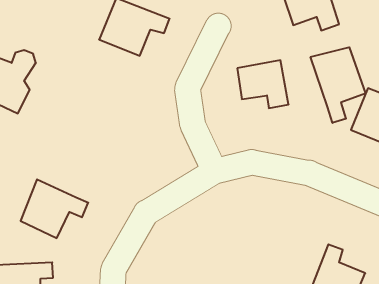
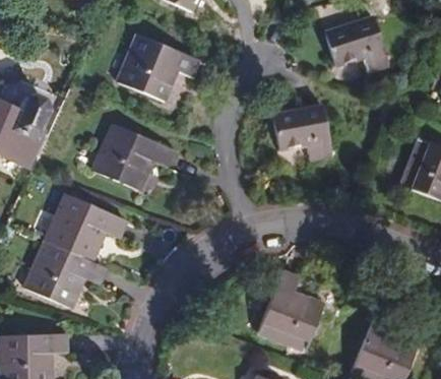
building: [311,47,365,123] -> none
building: none -> [93,125,174,190]
building: none -> [48,193,127,260]
building: none -> [259,274,322,350]

